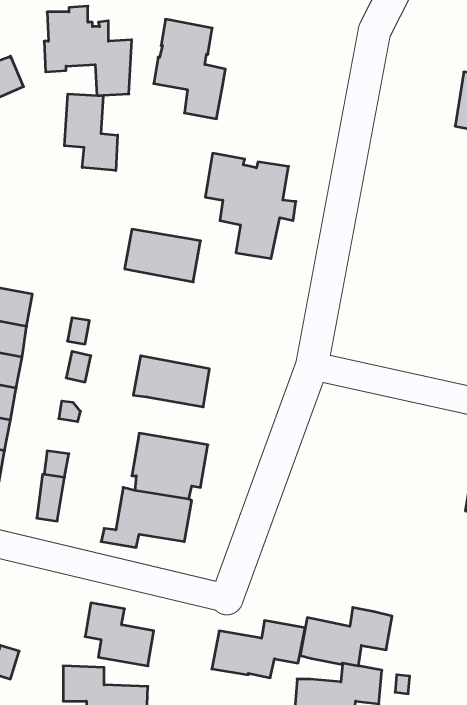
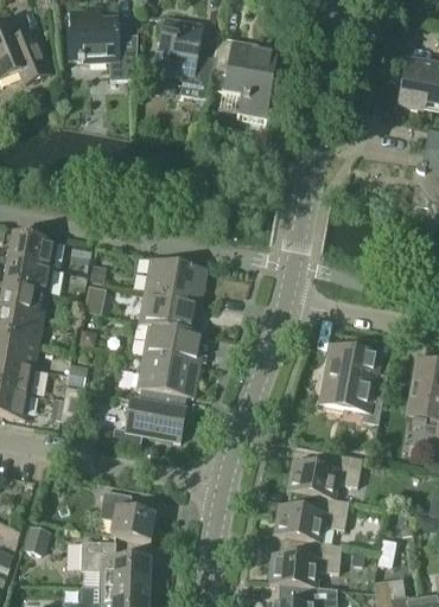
building: [64,94,118,171] -> none
building: [205,153,296,259] -> [211,36,285,121]
building: [125,229,201,282] -> [145,257,206,300]
building: none -> [144,322,205,362]
building: none -> [324,344,387,422]
building: [212,621,305,678] -> [287,451,363,497]

